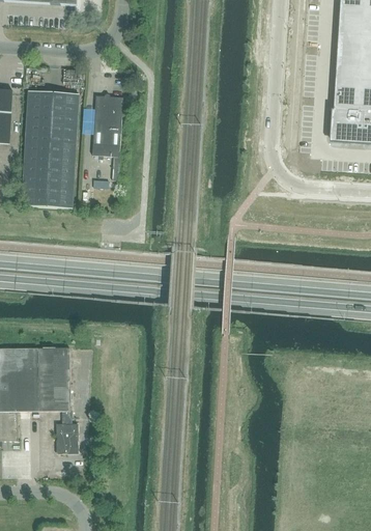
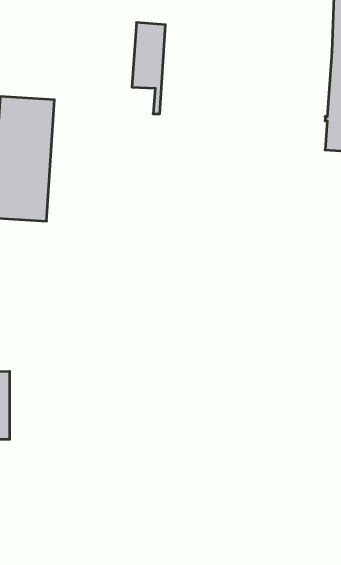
building: [91,94,122,179] -> [132,23,165,114]
building: [37,347,78,452] -> none

